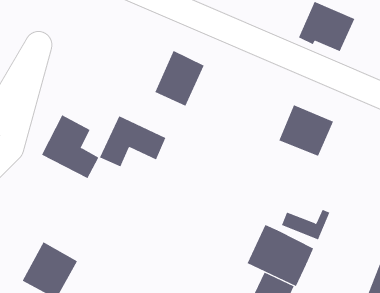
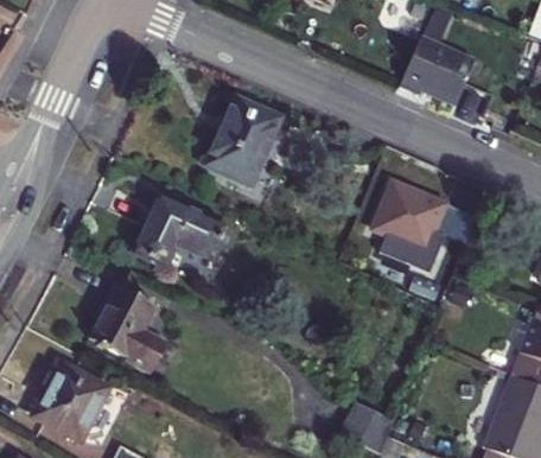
building: [41,114,99,179] -> [89,284,166,369]
building: [281,209,330,240] -> [381,228,446,269]
building: [247,224,314,287] -> none

